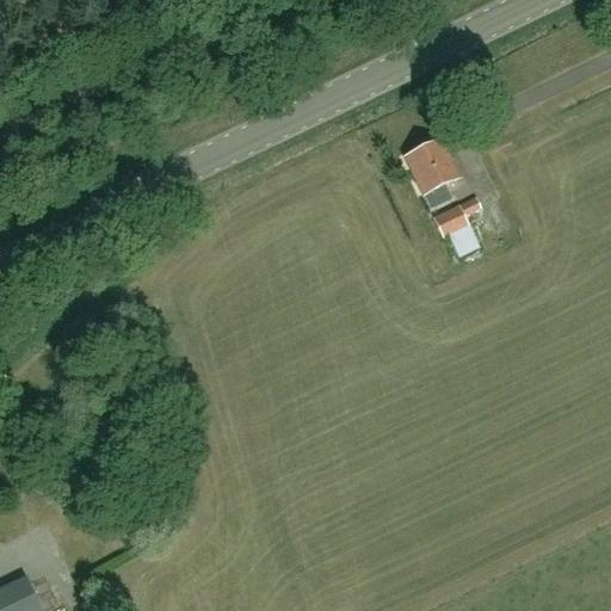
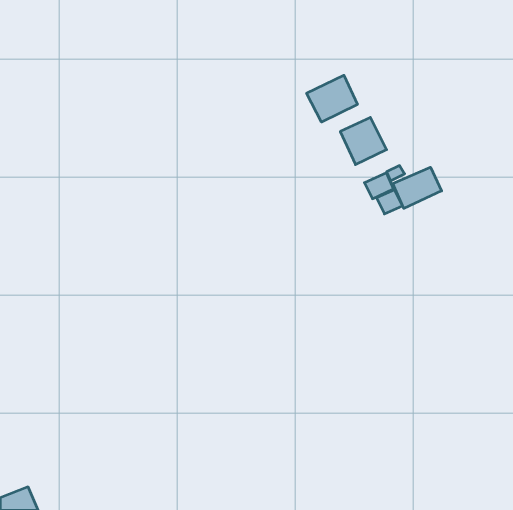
building: none -> [307,75,357,122]
building: none -> [393,167,442,208]

